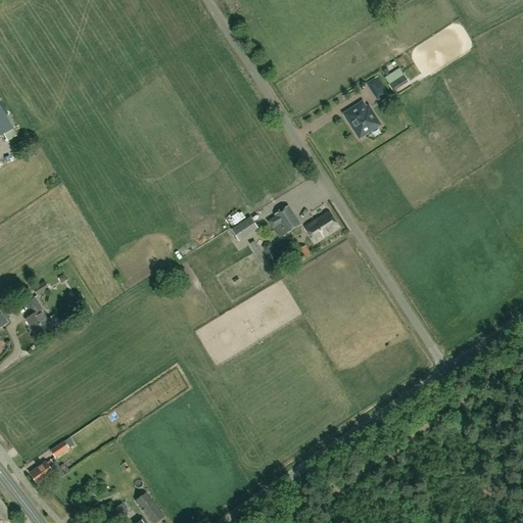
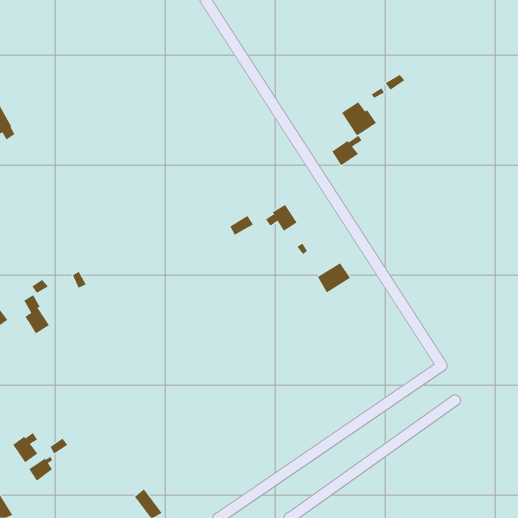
building: none -> [332,135,362,166]
building: [304,211,338,242] -> [317,263,351,293]
building: none -> [12,432,38,463]

